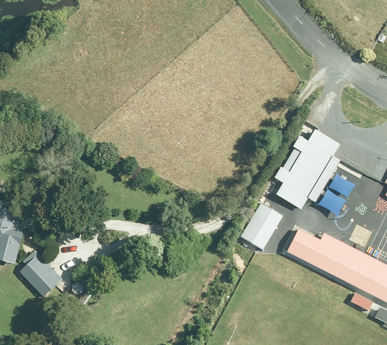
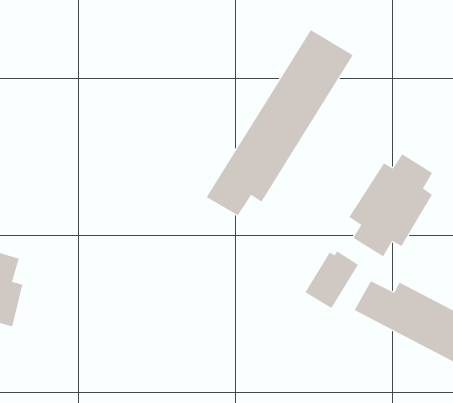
building: none -> [206,29,353,216]
building: [18,251,62,296] -> none

